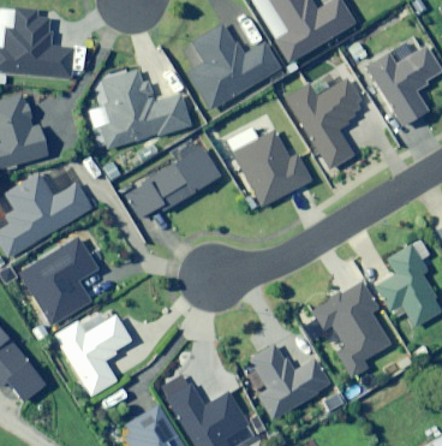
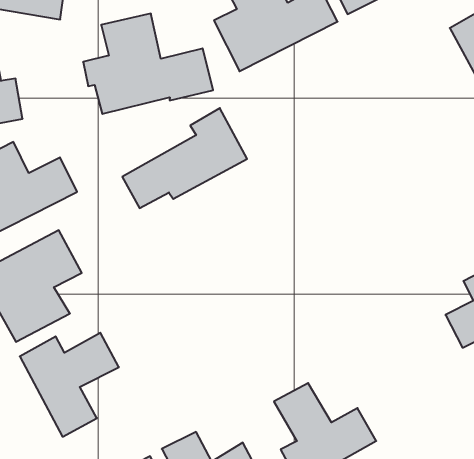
building: [287,76,364,170] -> none
building: [226,123,311,210] -> none
building: [313,280,392,377] -> none

